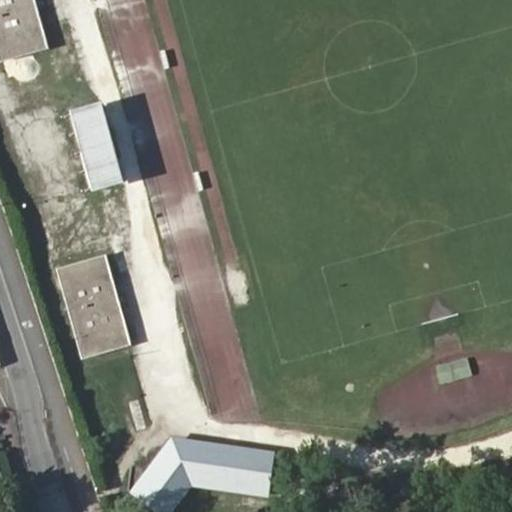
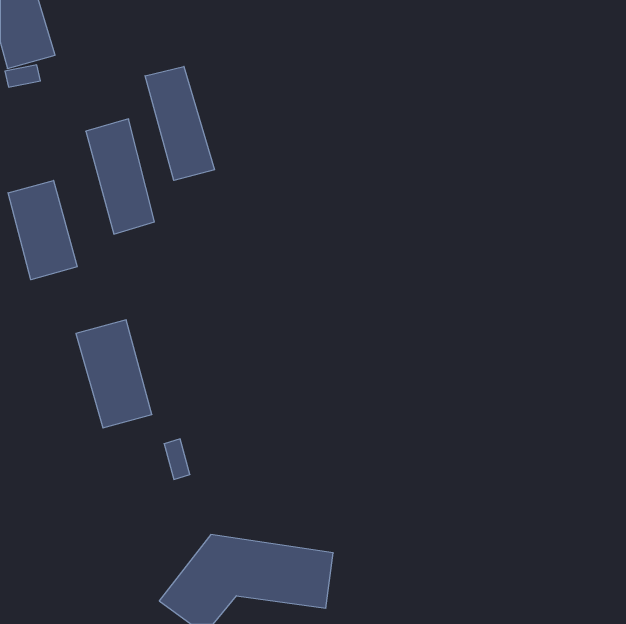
building: none -> [145,66,214,180]
building: none -> [8,180,77,280]

